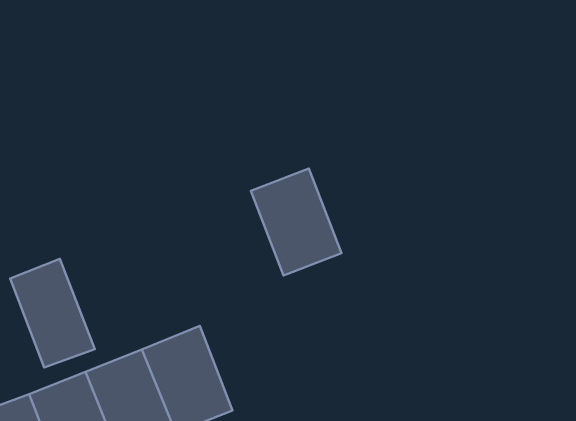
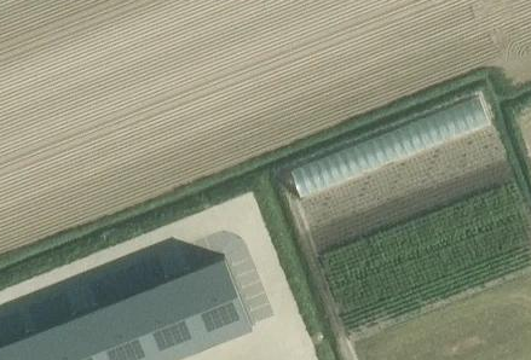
building: [251,169,341,275] -> [178,262,252,349]
building: [10,259,95,368] -> none

